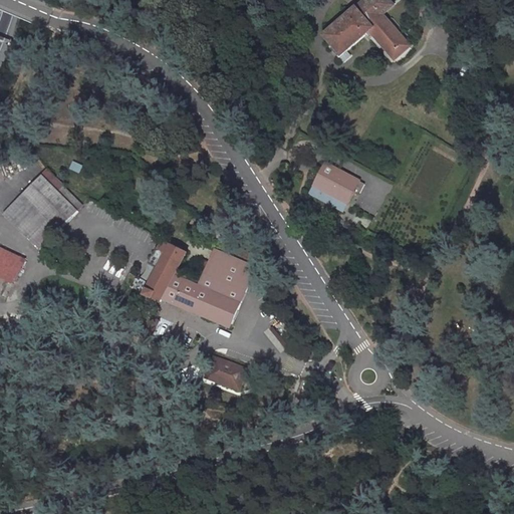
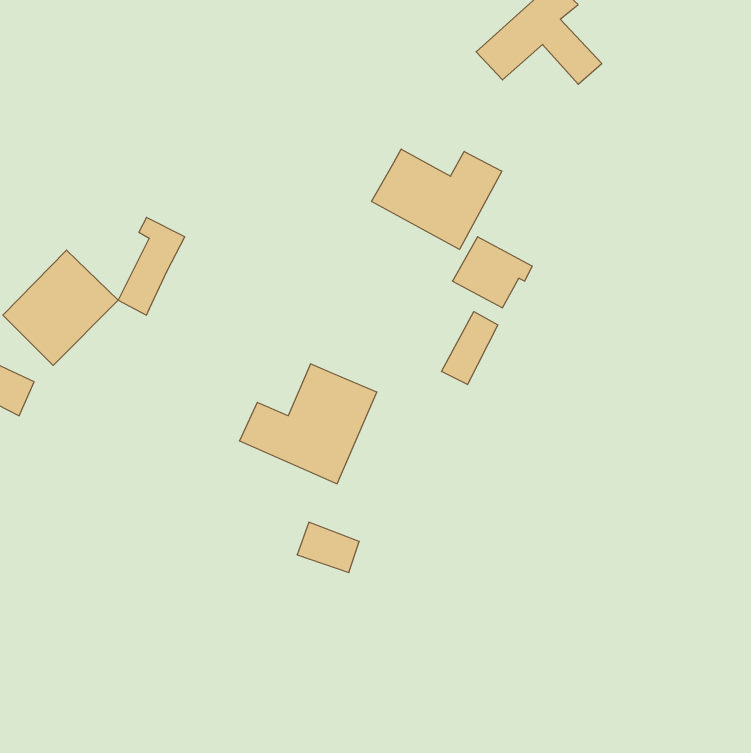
building: none -> [372,149,502,249]
building: none -> [442,312,498,385]
building: [142,237,187,303] -> [118,217,185,315]

